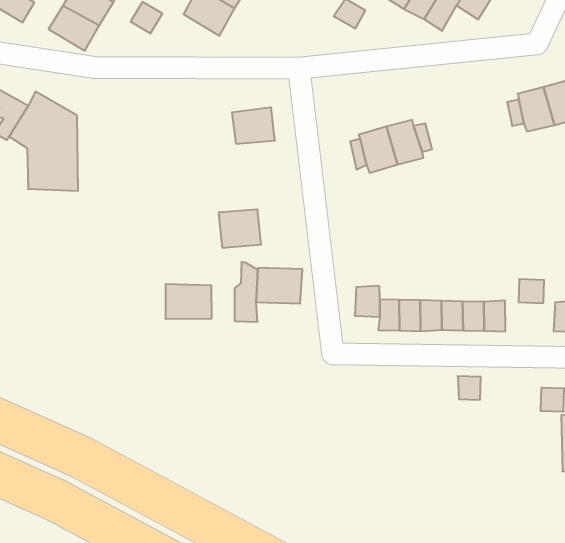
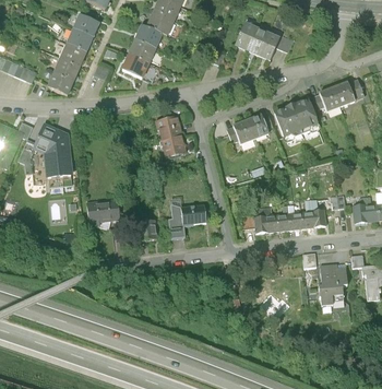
building: none -> [270,98,318,142]
building: [219,209,261,248] -> [160,134,187,158]
building: none -> [87,199,120,228]
building: none -> [317,263,346,307]

